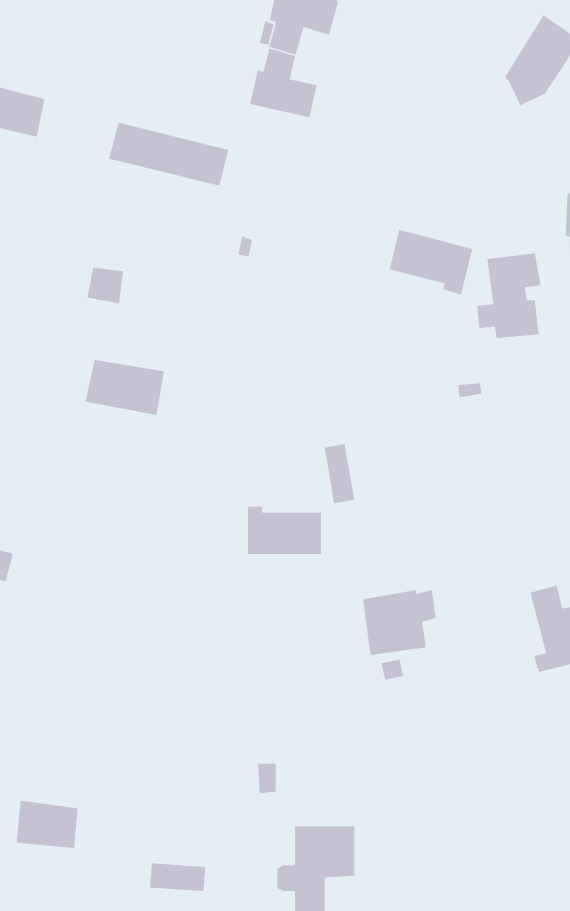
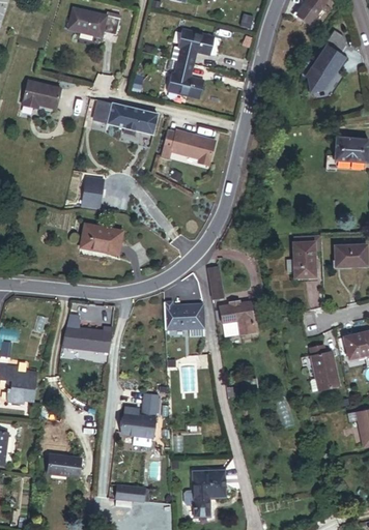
building: [389,229,473,295] -> [170,129,215,165]
building: [477,253,541,339] -> [289,230,323,275]
building: none -> [66,320,116,354]
building: [362,589,437,656] -> [222,303,261,338]
building: none -> [124,398,161,449]

